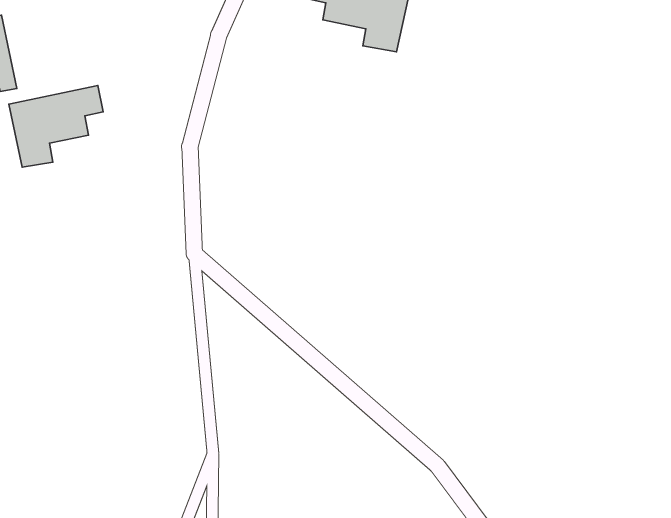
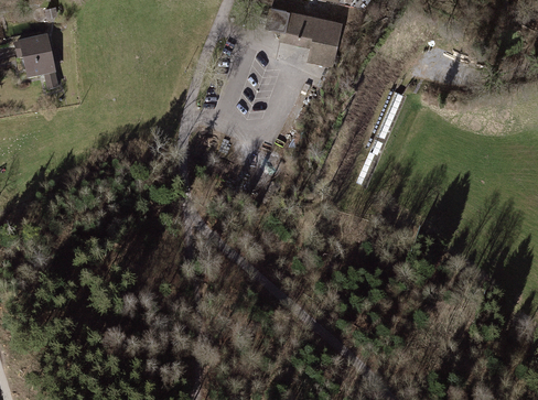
building: [9,86,103,167] -> none

